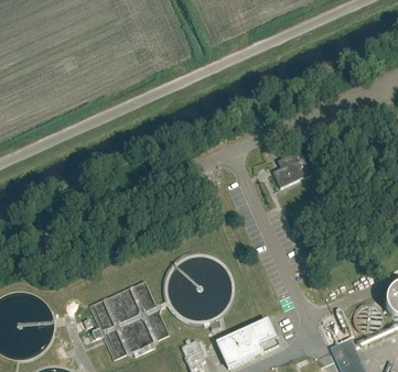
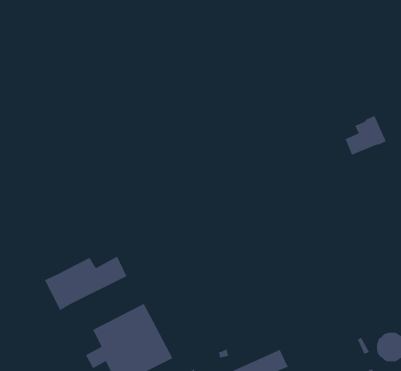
building: [273,150,312,187] -> [344,115,387,156]
building: none -> [44,255,128,311]

